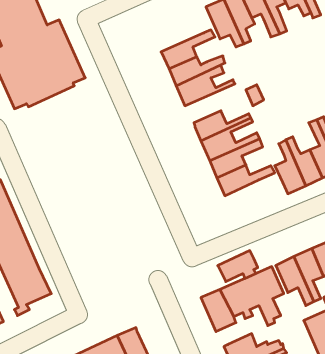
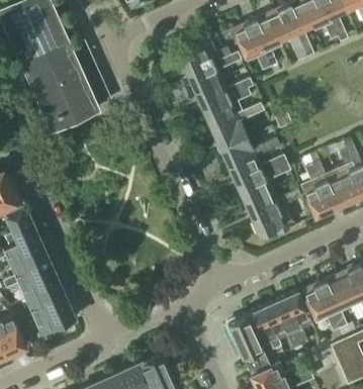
building: none -> [179,40,231,76]
building: none -> [211,108,264,148]
building: [218,251,258,282] -> [252,206,292,237]

